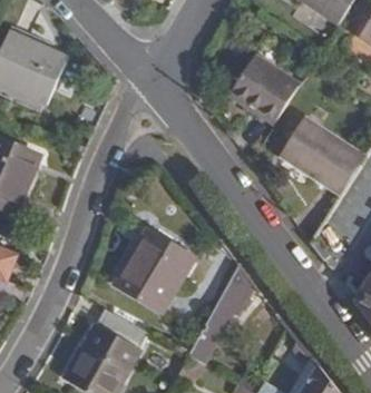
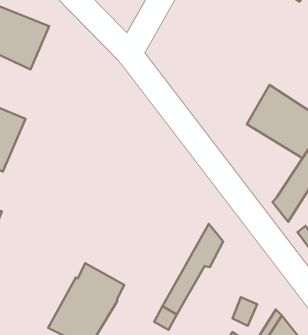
building: [228,52,299,124] -> none
building: [118,230,193,308] -> none

